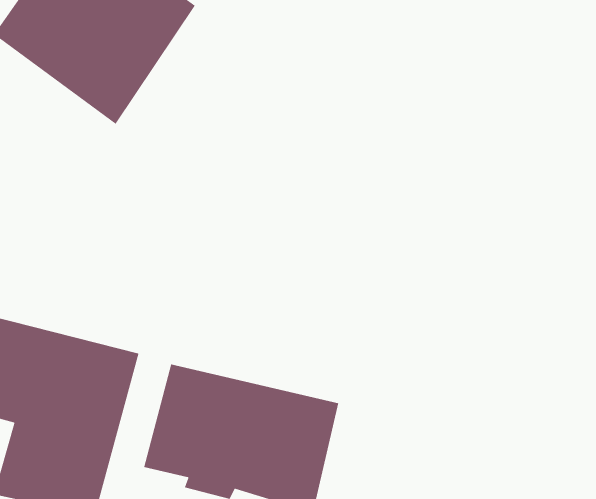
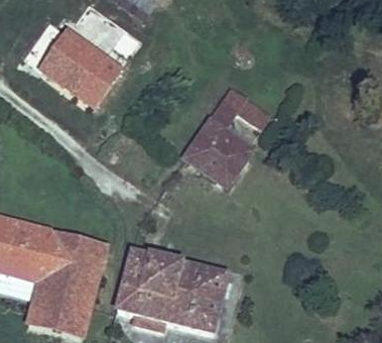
building: none -> [179,84,273,189]

